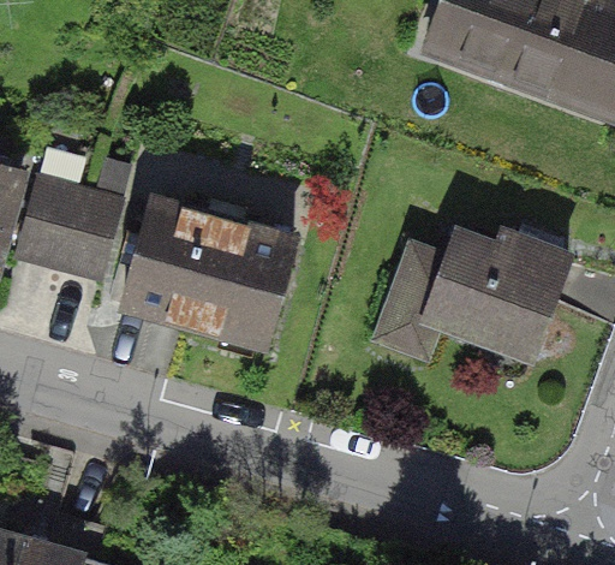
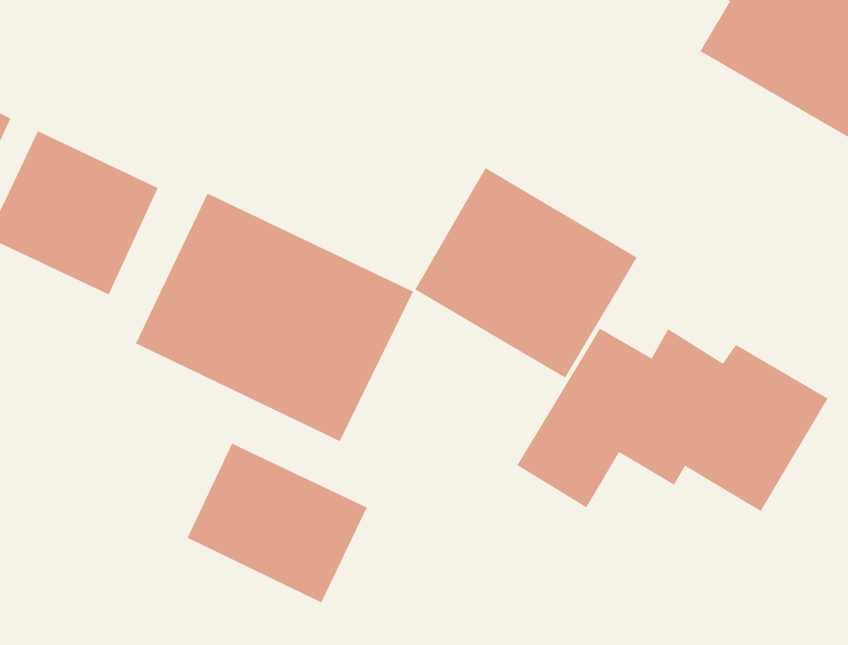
building: none -> [414,167,637,379]
building: none -> [187,443,367,603]

